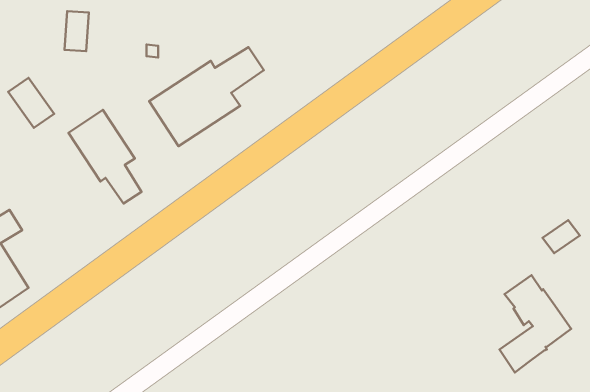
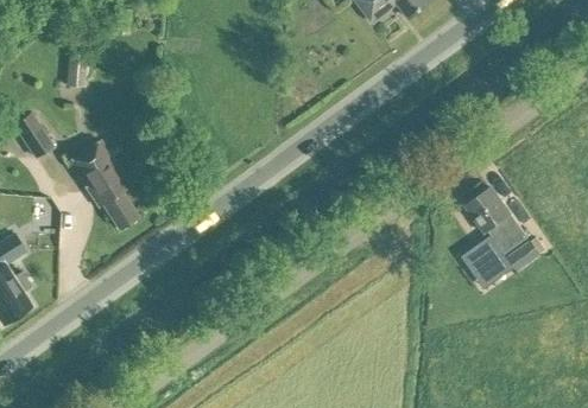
building: [149,47,264,146] -> none
building: [499,275,571,372] -> [462,186,529,276]

